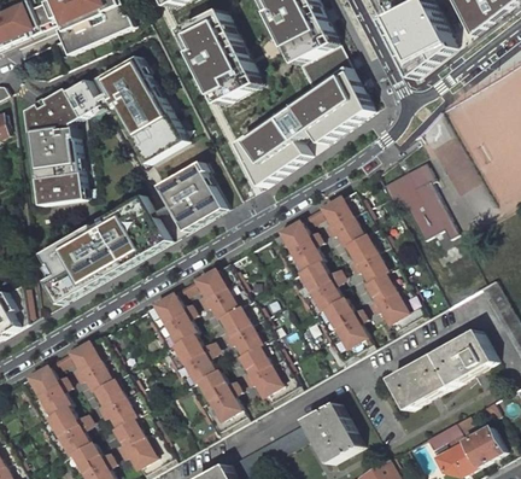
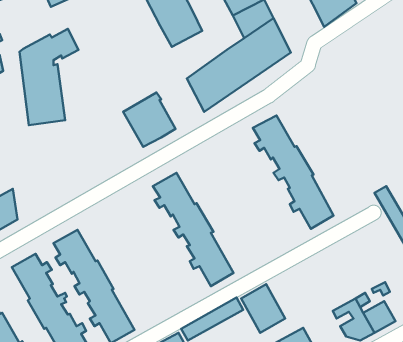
building: [98,53,186,160] -> none
building: [380,162,457,239] -> none
building: [40,194,168,303] -> none
building: [269,221,371,366] -> none
building: [142,293,245,437] -> none
building: [388,329,494,409] -> none

